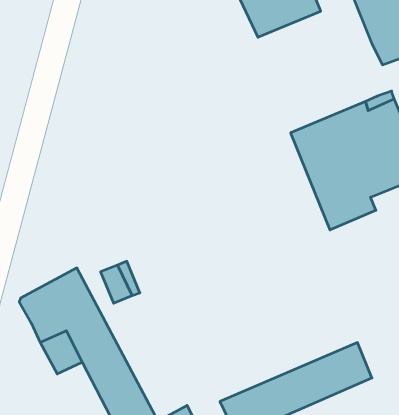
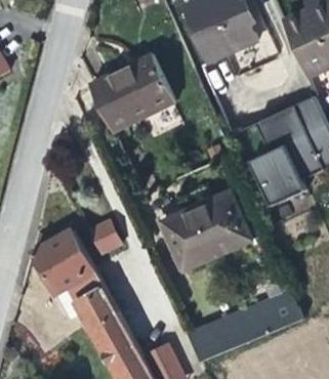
building: none -> [93,55,172,127]
building: none -> [163,191,251,266]

